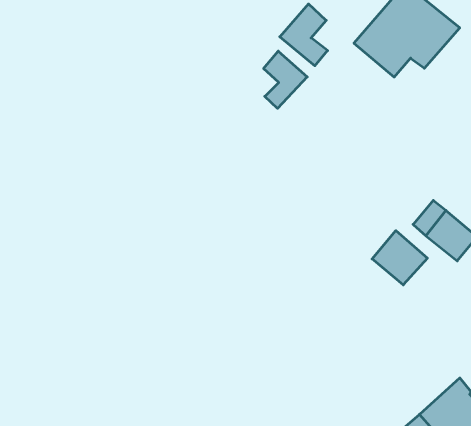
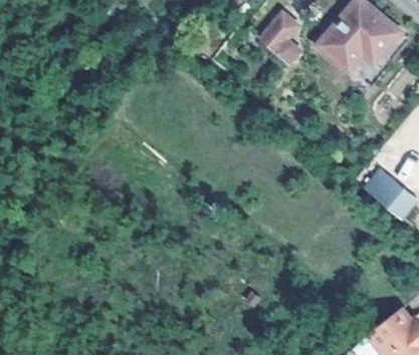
building: [264,51,307,108] -> none
building: [372,231,427,285] -> none

